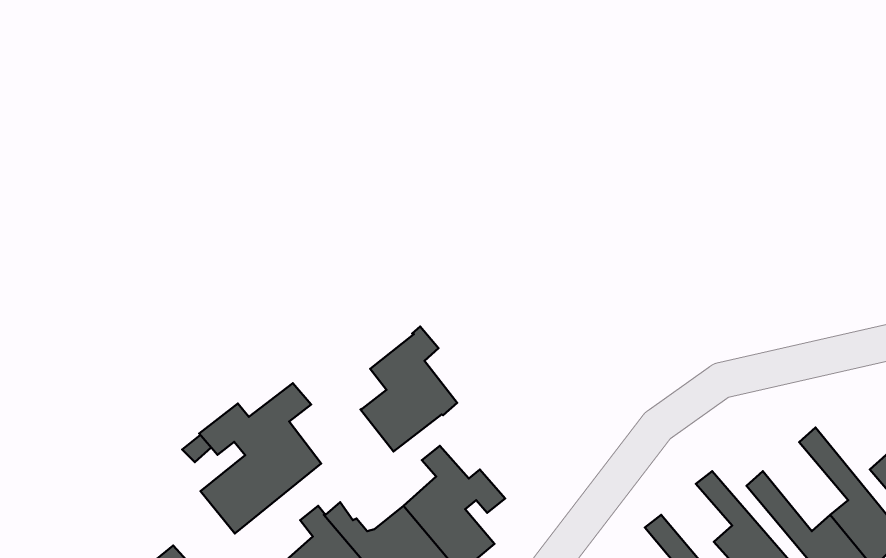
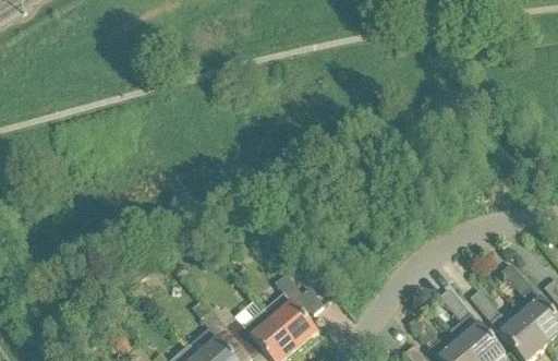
building: [361,327,457,452] -> none
building: [199,383,321,534] -> none

